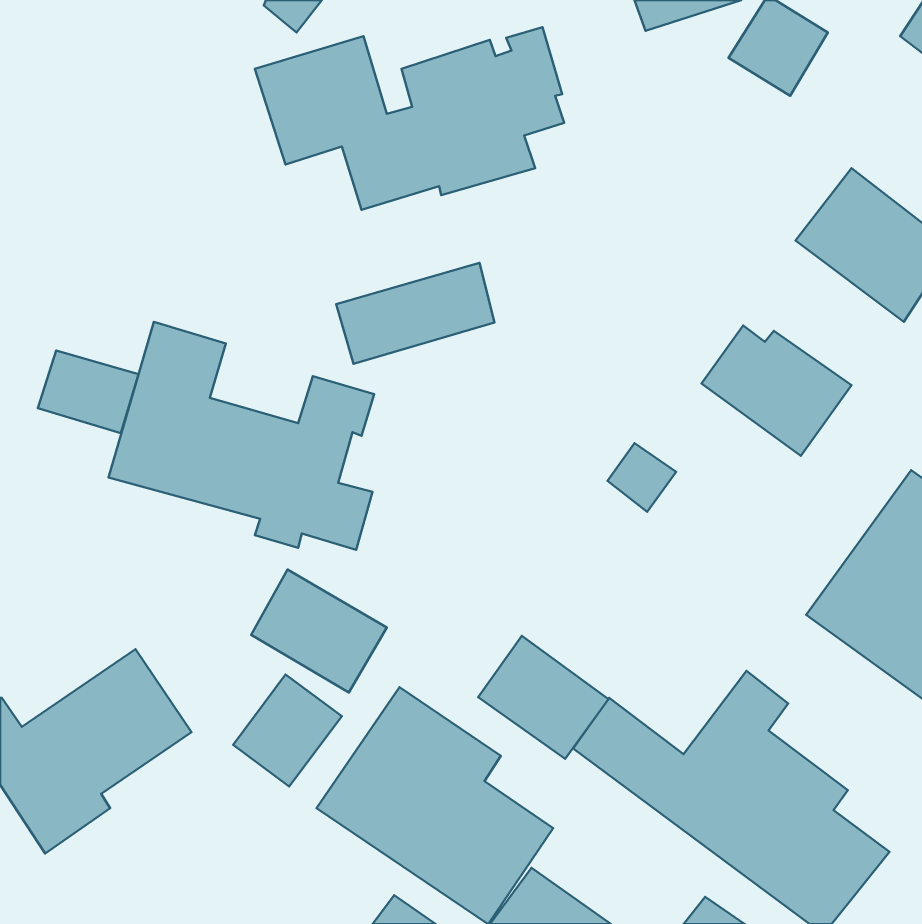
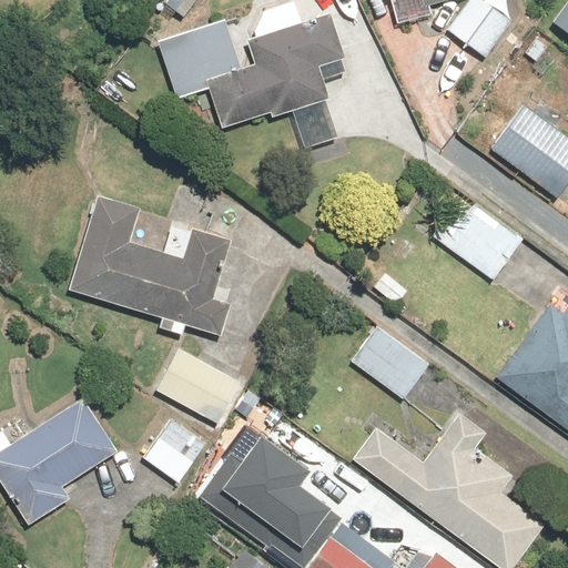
building: [336,263,495,364] -> none
building: [38,350,138,433] -> none
building: [478,636,608,759] -> [349,324,429,399]

